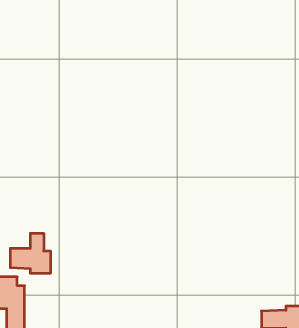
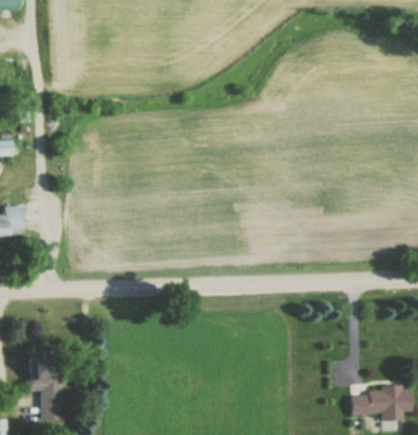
building: [10,233,50,273] -> none

